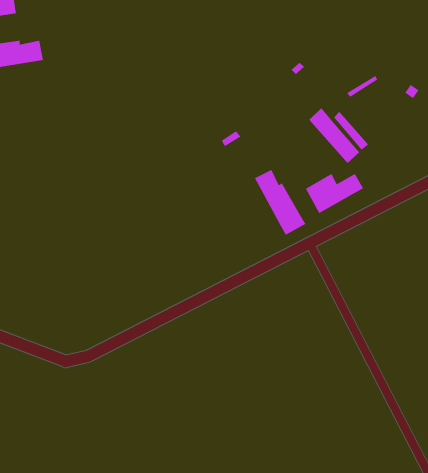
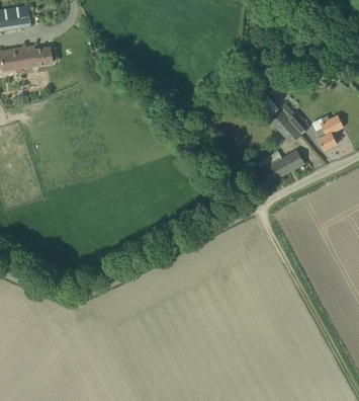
building: none -> [318,114,345,150]
building: [254,169,306,236] -> none

